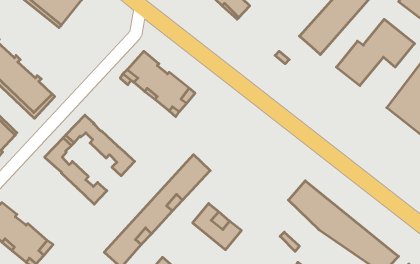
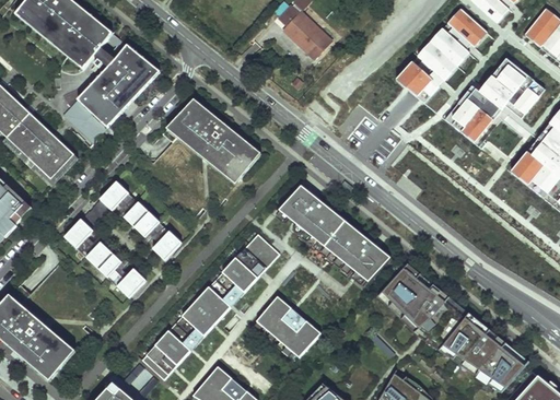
building: none -> [63,44,160,141]
building: none -> [281,186,388,281]

